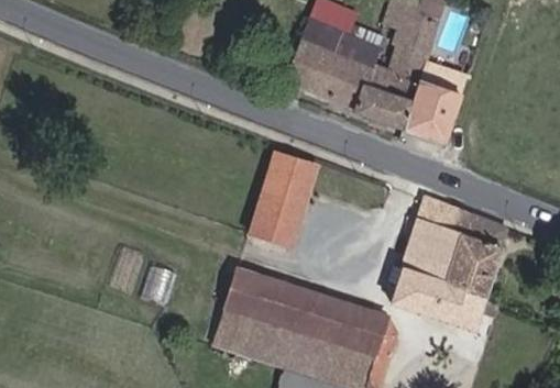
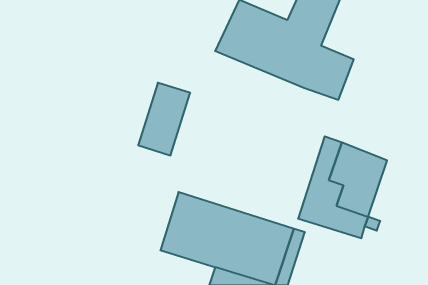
building: [249,152,316,245] -> [138,83,190,155]

